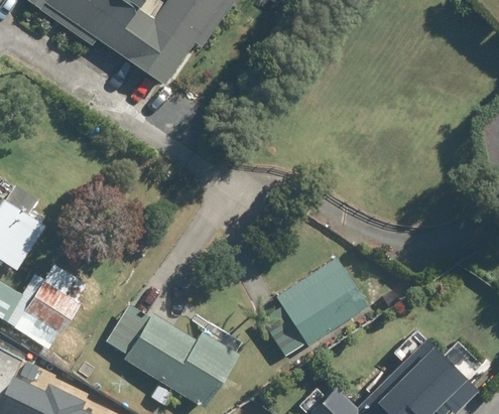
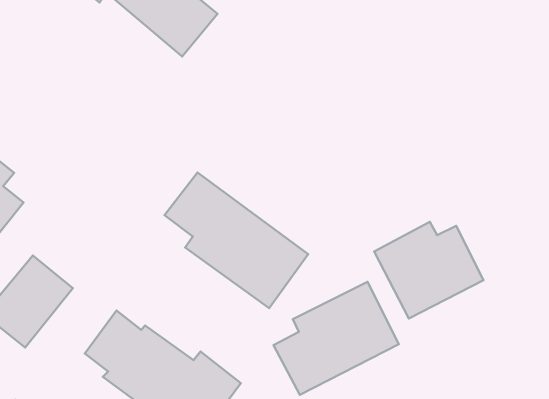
building: none -> [164,172,308,308]
building: none -> [374,222,483,318]

